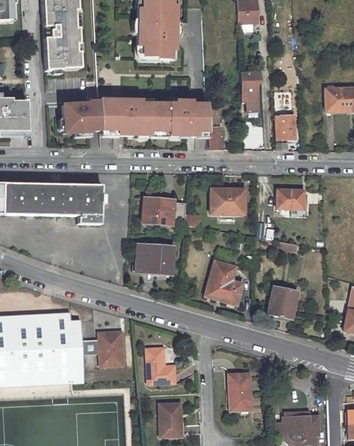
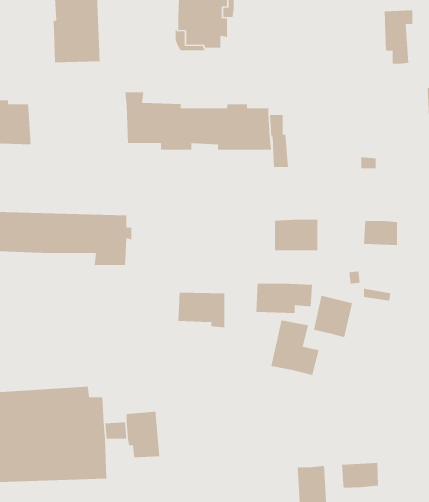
building: [240,69,262,110] -> [384,10,413,64]
building: [62,101,100,131] -> none
building: [276,114,295,138] -> none
building: [144,197,187,220] -> [256,283,313,314]
building: [268,285,298,317] -> [313,295,353,338]
building: [143,345,174,381] -> none
building: none -> [342,462,378,488]

